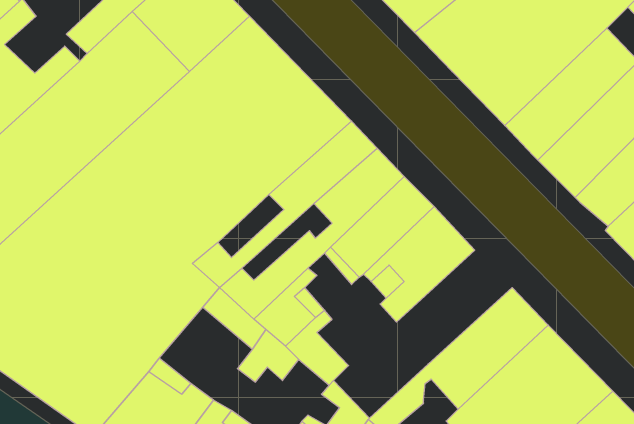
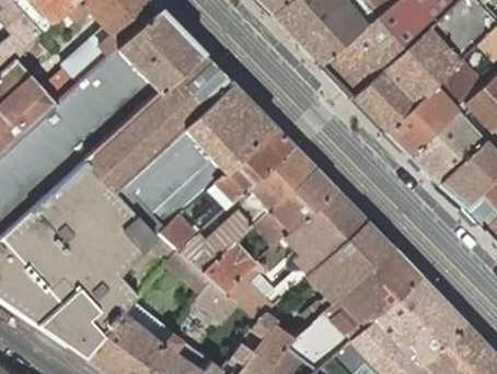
building: none -> [303,220,391,303]

